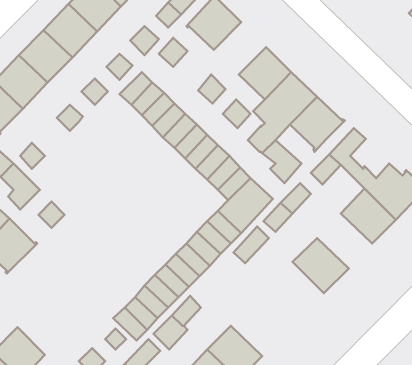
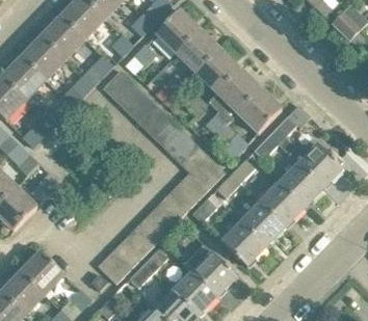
building: none -> [177,30,218,72]
building: none -> [259,182,303,225]
building: none -> [220,220,264,266]
building: none -> [183,243,236,295]
building: none -> [21,250,64,294]

